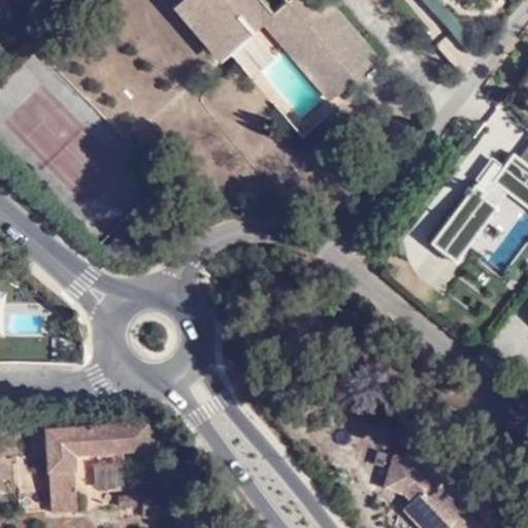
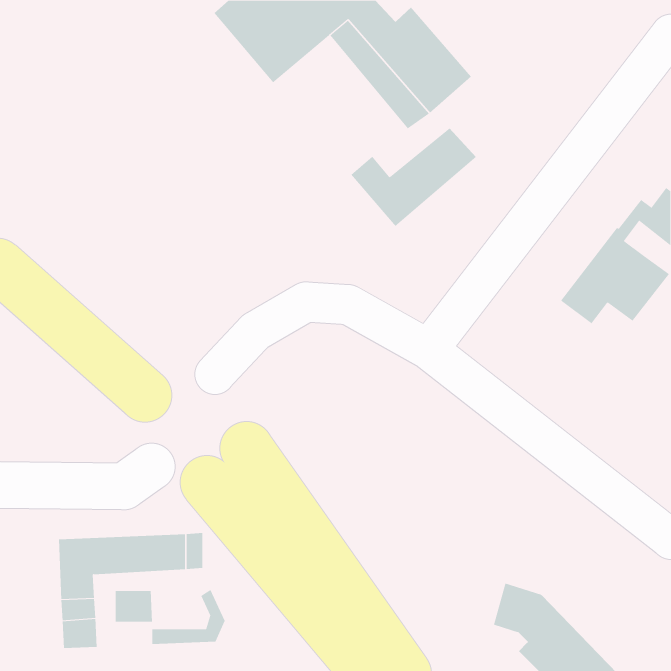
building: none -> [351,127,477,227]

